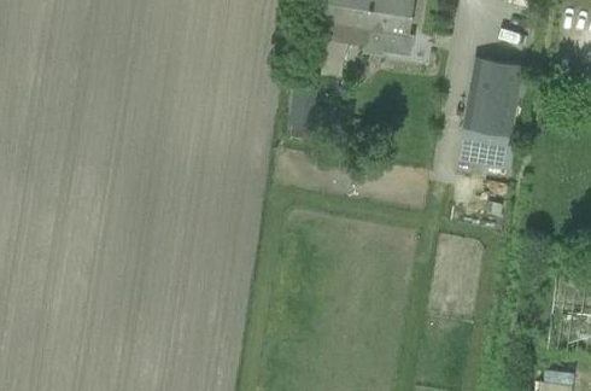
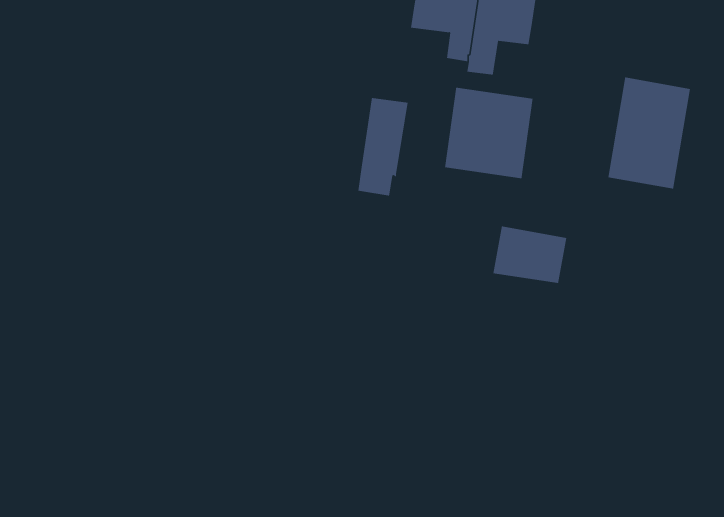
building: none -> [445,87,533,179]
building: [460,127,513,168] -> [493,226,567,284]

